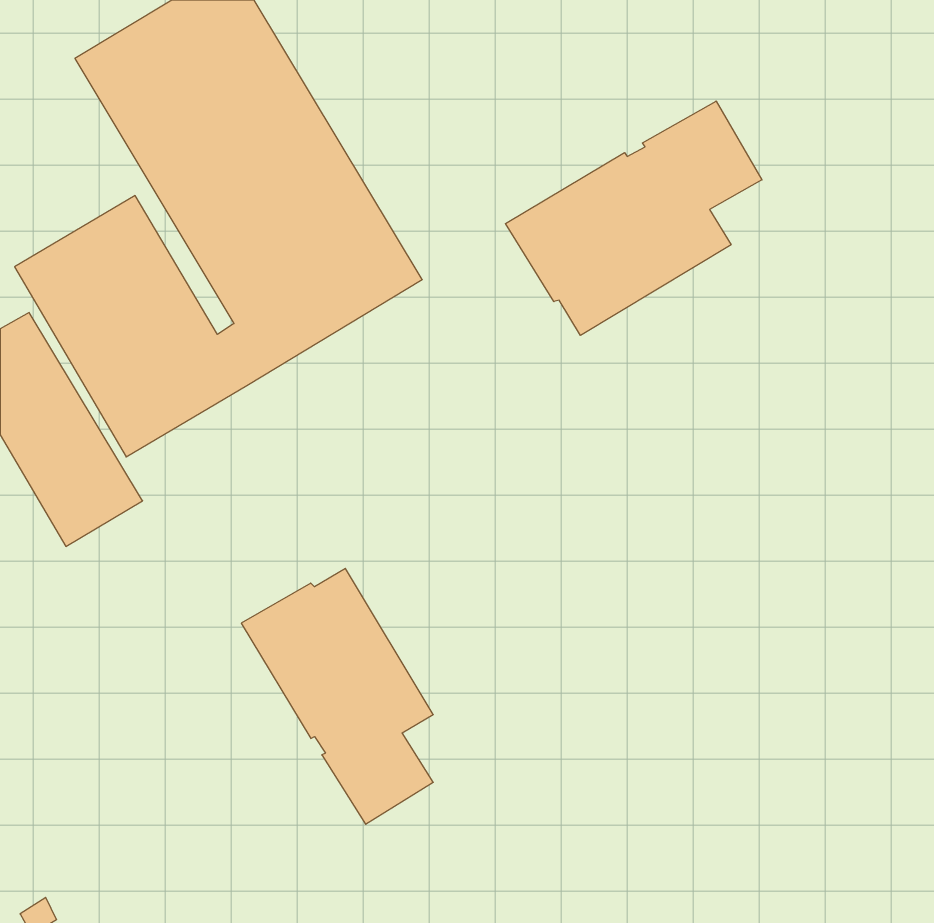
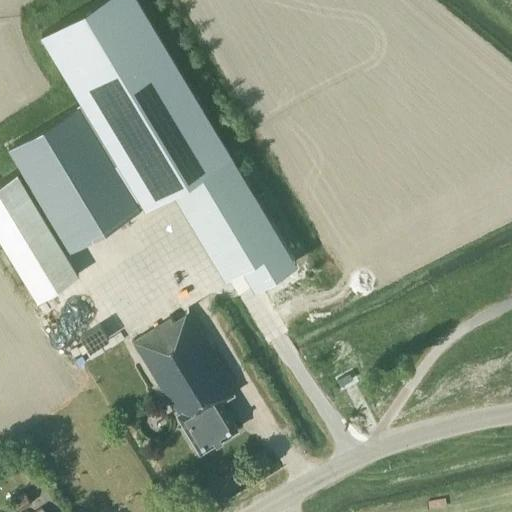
building: [505,101,762,335] -> none
building: none -> [173,159,295,291]

